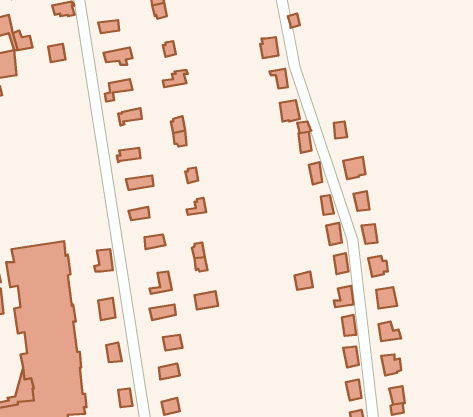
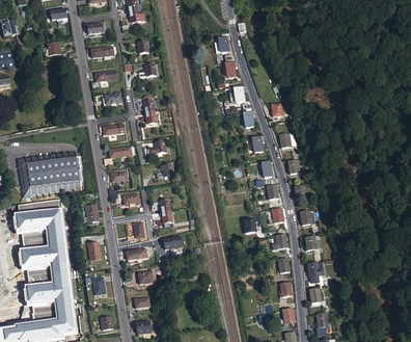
building: none -> [17,149,80,196]

